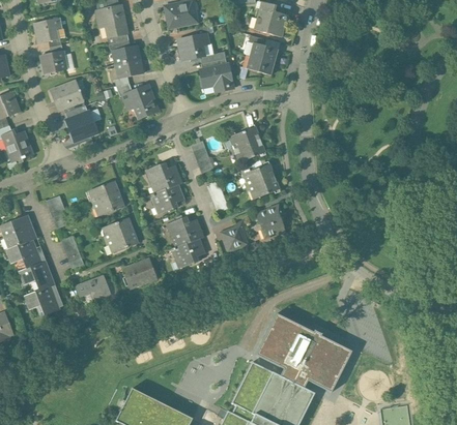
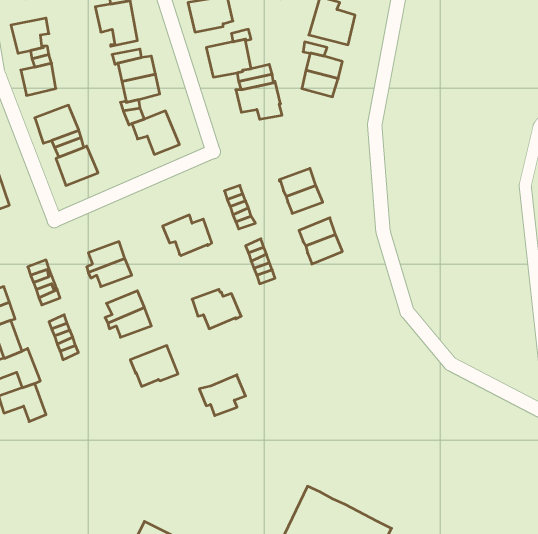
building: [150,184,183,213] -> none
building: [256,206,284,236] -> none
building: [222,220,247,251] -> none
building: [171,238,205,268] -> [199,375,246,416]
building: [76,276,111,304] -> none
building: [255,313,351,393] -> none

